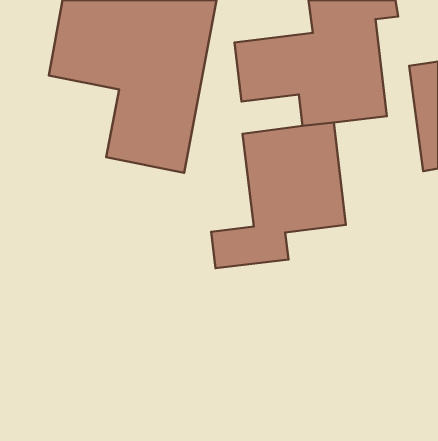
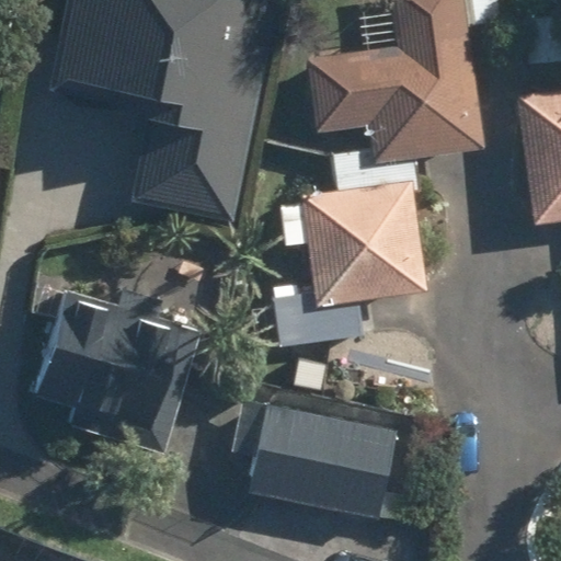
building: none -> [31,274,185,437]
building: none -> [252,403,390,515]

